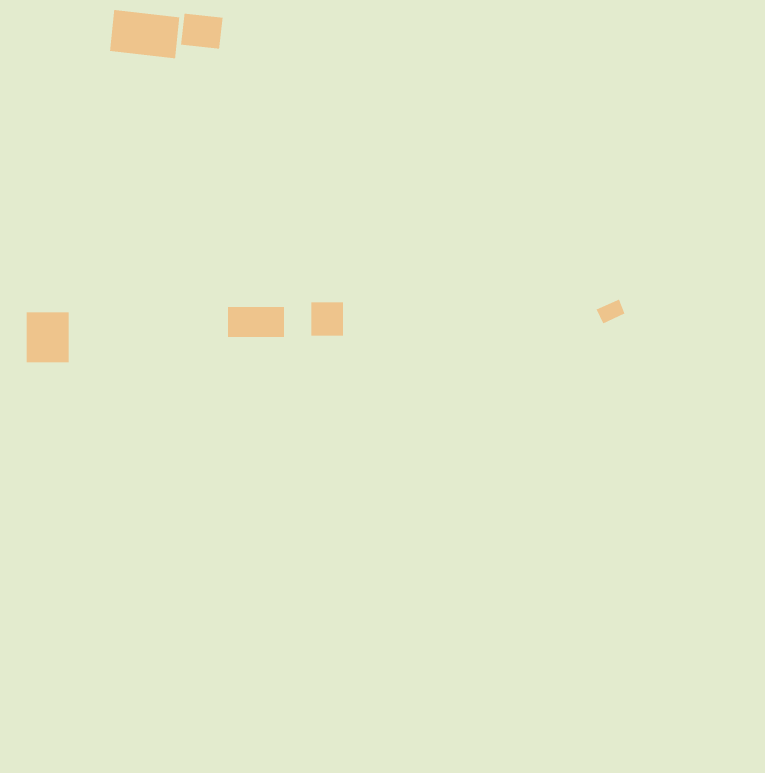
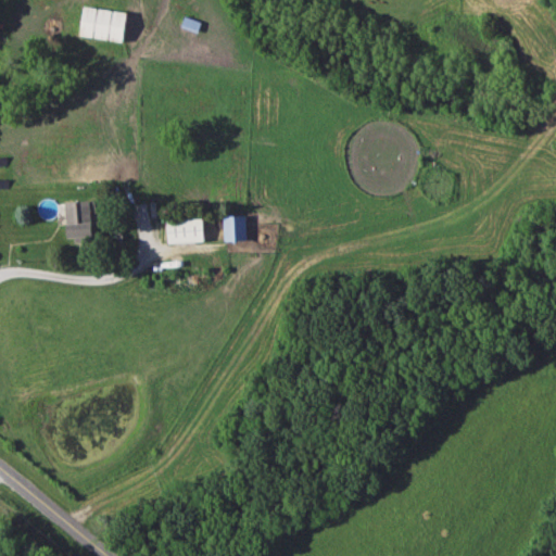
building: [180,13,224,50] -> none
building: [26,312,70,363] -> [62,203,93,240]

